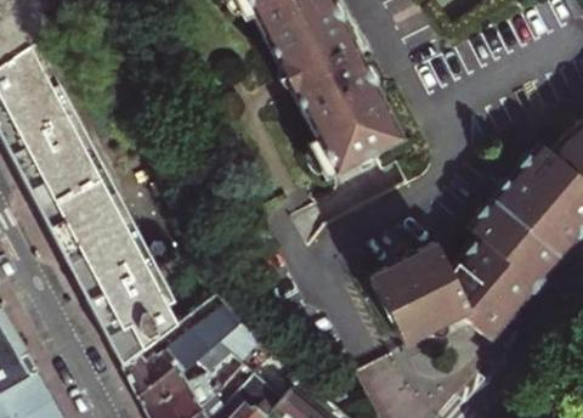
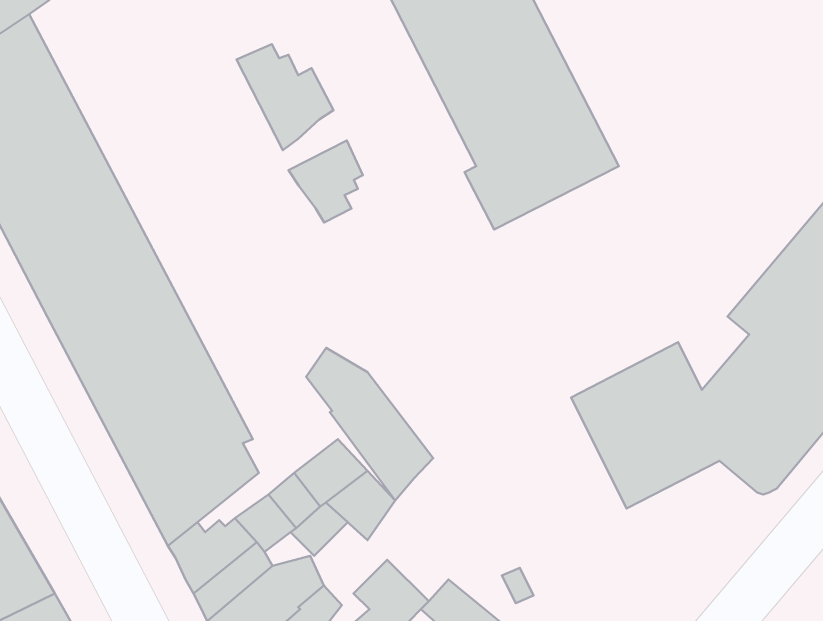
building: none -> [237,44,333,150]
building: none -> [288,140,363,223]
building: none -> [306,348,433,500]

